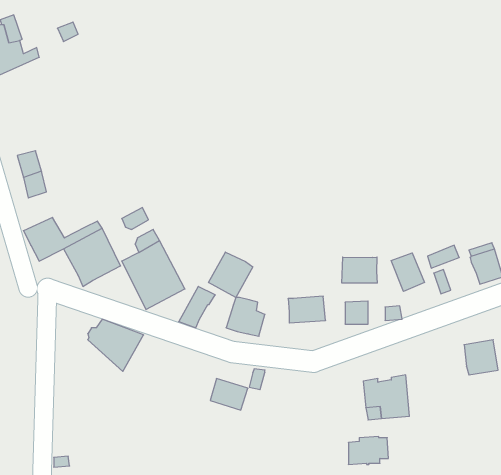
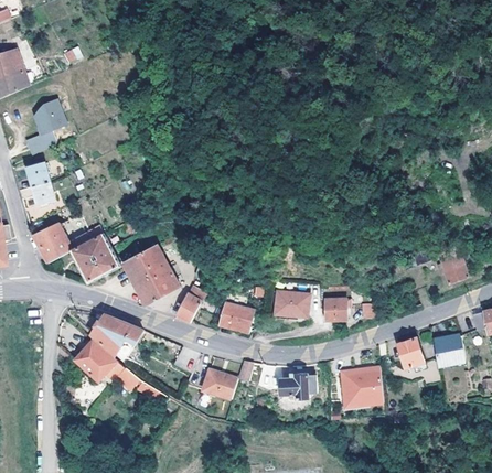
building: none -> [25,99,64,154]
building: [209,252,253,297] -> none
building: [391,253,425,291] -> none
building: [342,257,377,283] -> none
building: none -> [397,337,435,368]
building: none -> [74,340,137,393]
building: [348,437,388,464] -> [279,374,315,399]

